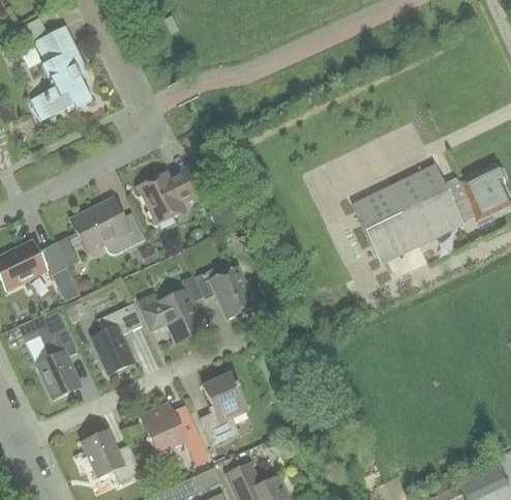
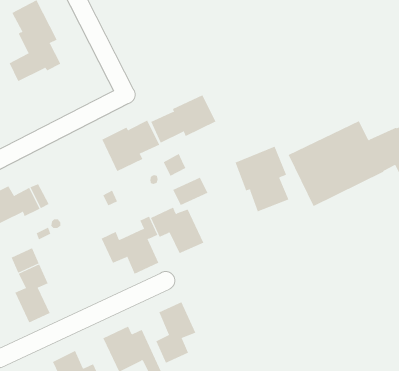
building: none -> [150,94,216,144]
building: none -> [235,146,289,212]
building: [72,200,144,254] -> none
building: none -> [173,177,208,206]
building: [93,302,143,372] -> none

